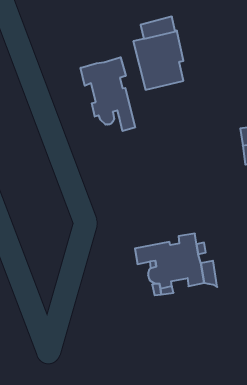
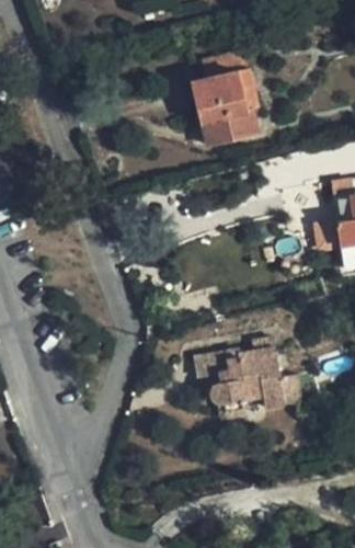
building: [81,57,135,131] -> none

